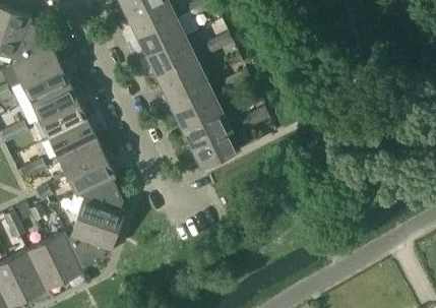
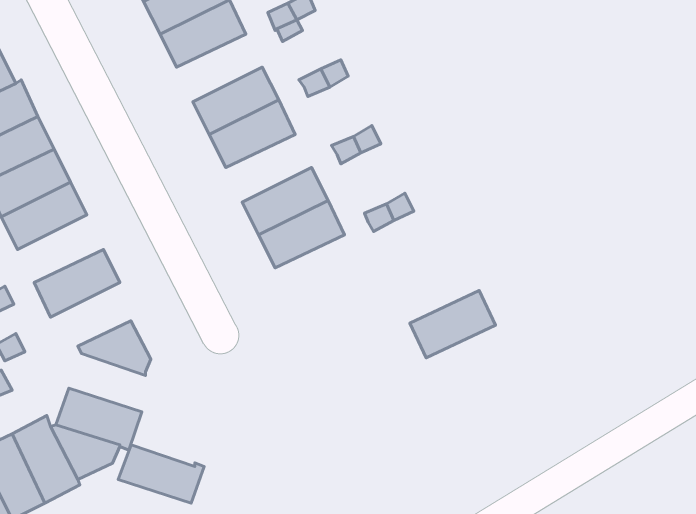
building: [137,19,185,57] -> none
building: [165,75,212,113] -> none
building: [49,120,97,158] -> none
building: [192,131,240,169] -> [410,290,496,358]
building: [67,158,116,196] -> none
building: [77,197,125,230] -> [118,445,204,503]

